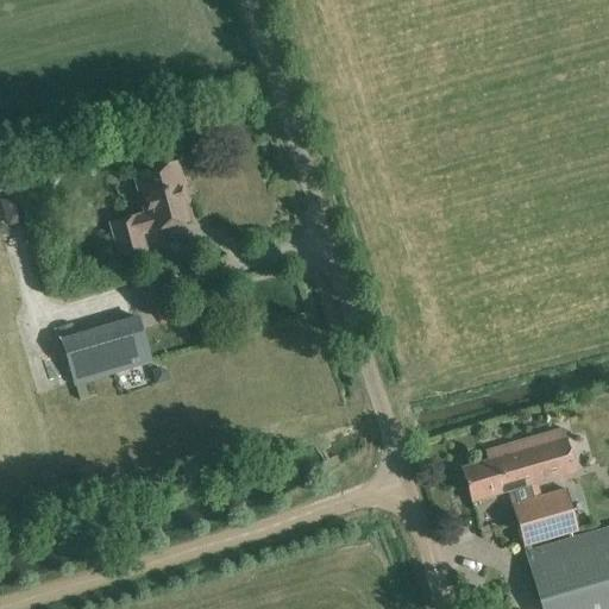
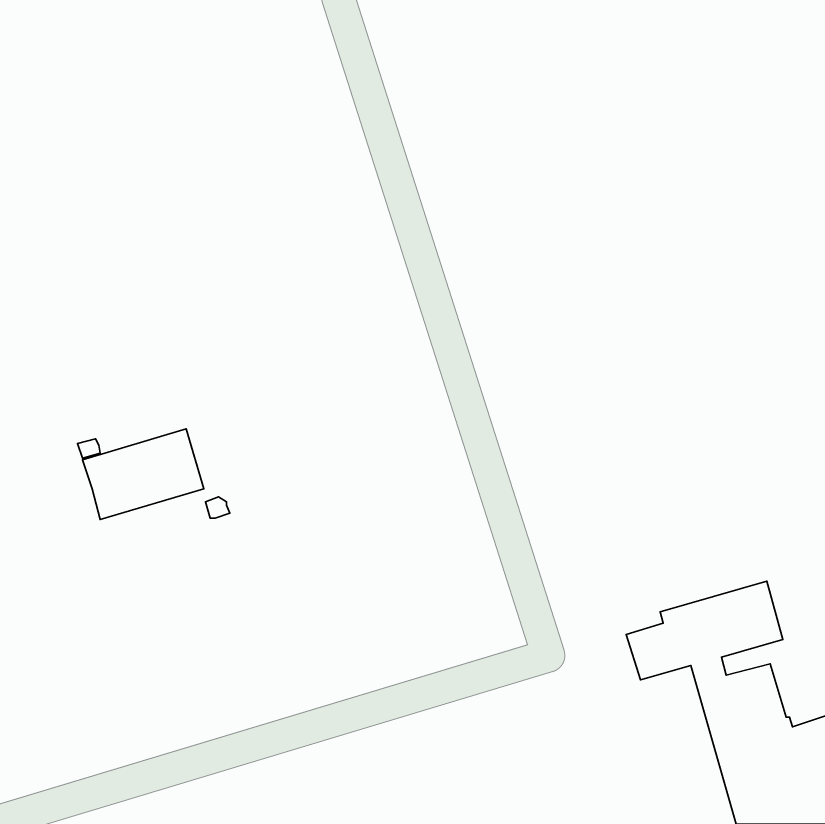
building: [111,161,189,255] -> none

